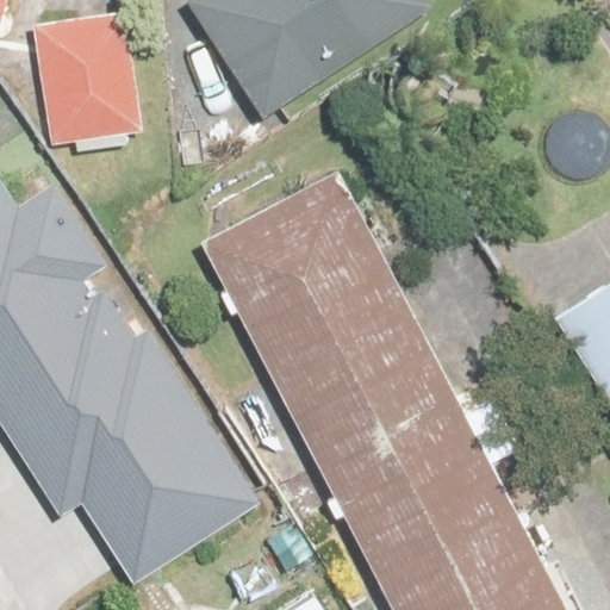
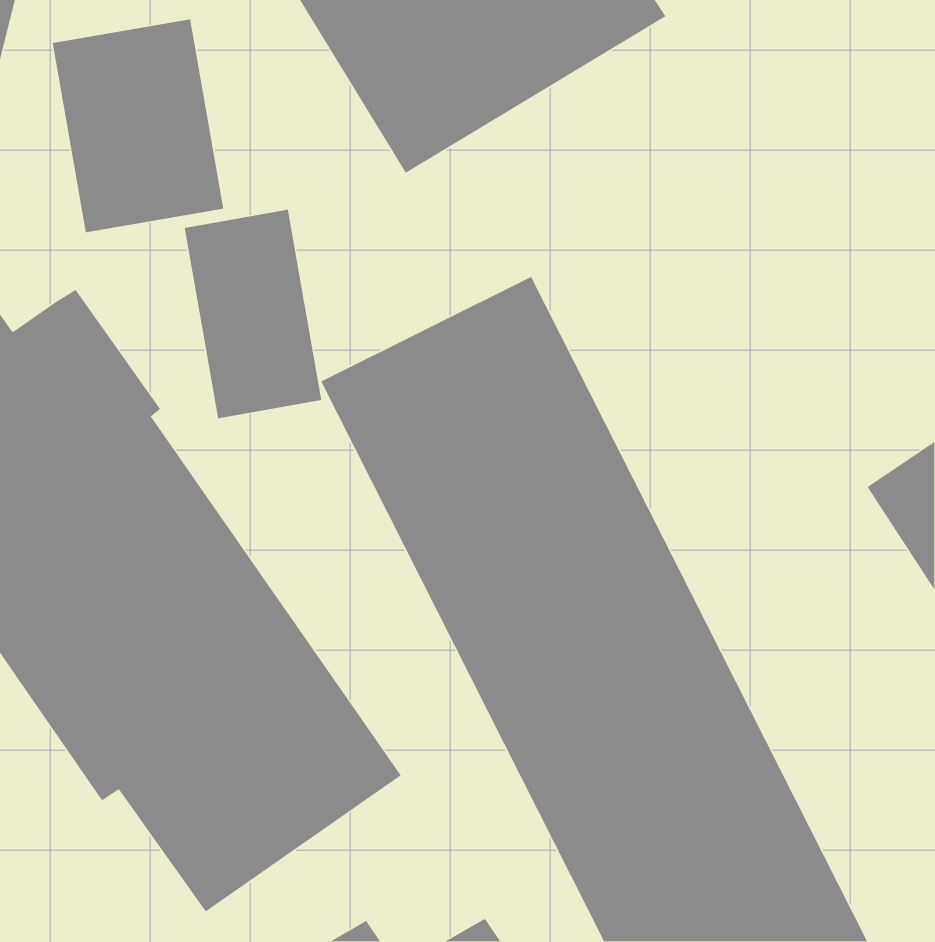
building: none -> [184,209,322,419]

